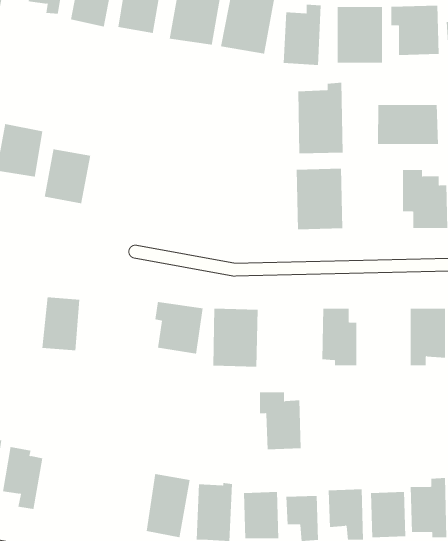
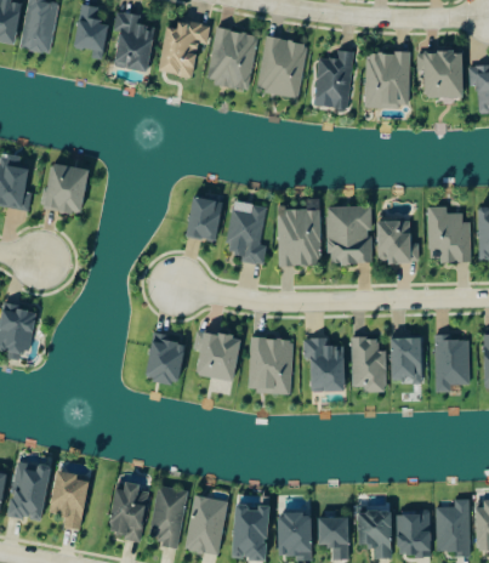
building: [297,82,344,154] -> [277,198,320,266]
building: [377,104,438,145] -> none
building: [44,148,91,204] -> none
building: none -> [184,197,222,241]
building: none -> [227,201,266,263]
building: none -> [376,221,419,262]
building: [42,297,80,351] -> [146,332,182,383]
building: none -> [391,339,421,382]
building: [259,392,301,450] -> [303,337,343,392]
building: none -> [107,479,148,541]
building: none -> [149,485,187,546]

